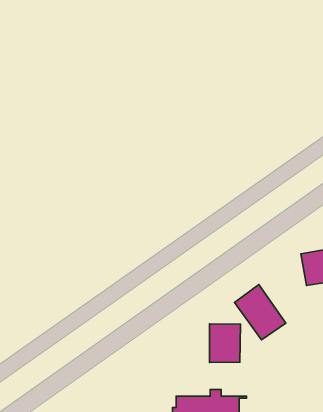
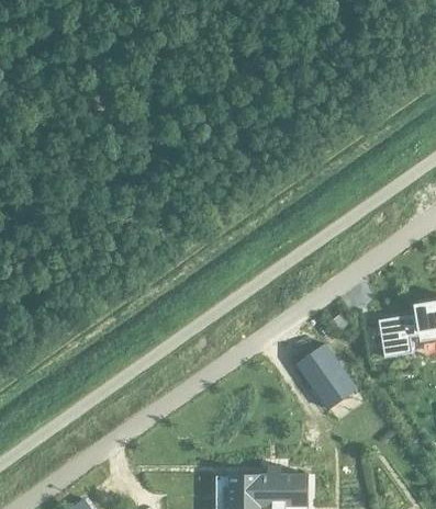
building: [210,324,240,363] -> none

